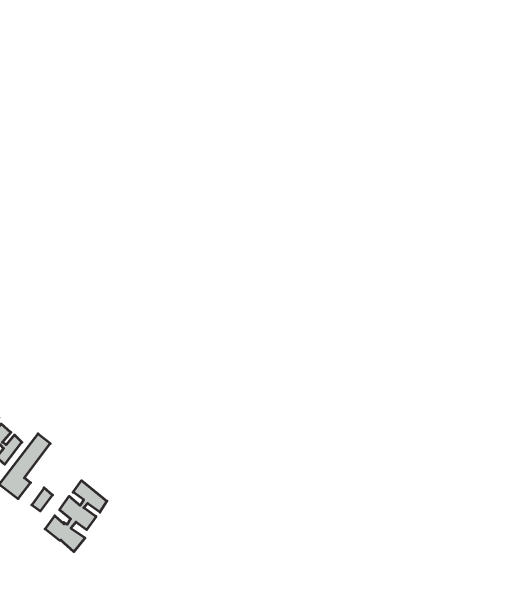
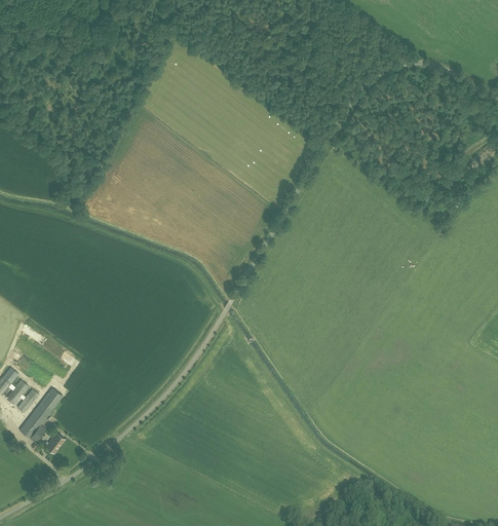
building: [45,481,107,552] -> none

